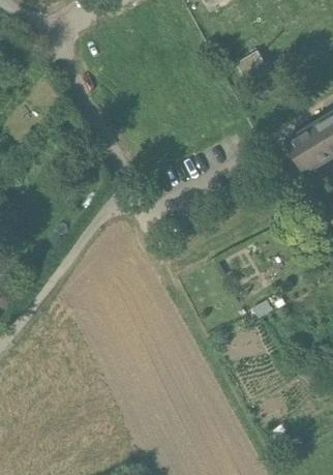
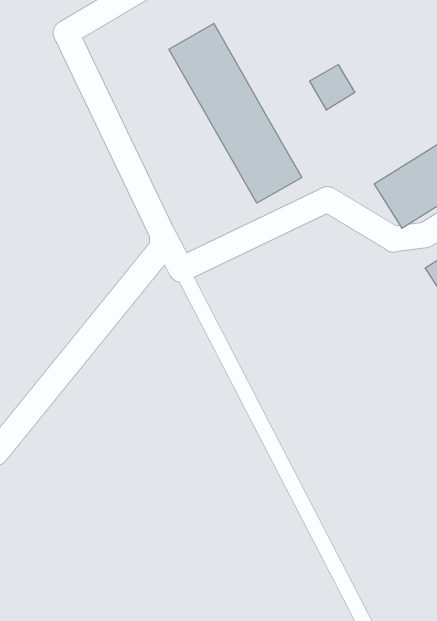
building: none -> [169,23,302,203]

